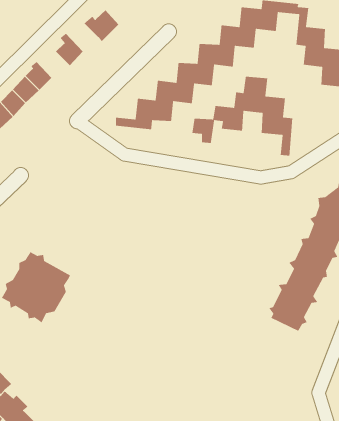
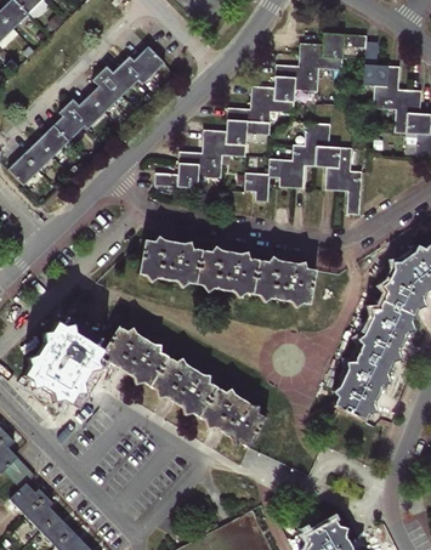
building: none -> [100,59,137,92]
building: none -> [66,92,104,125]
building: none -> [140,237,318,308]
building: none -> [103,327,270,448]

